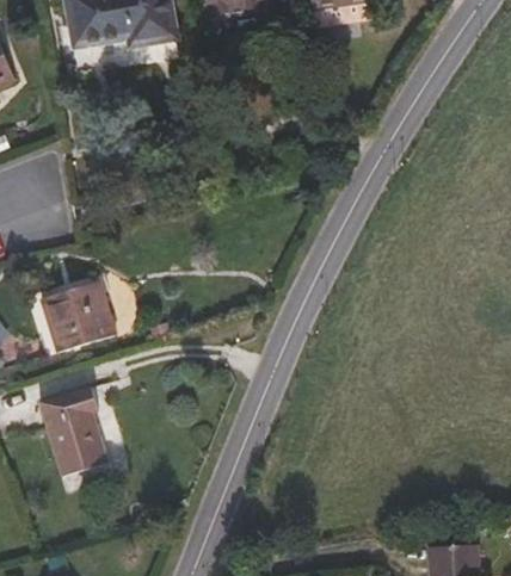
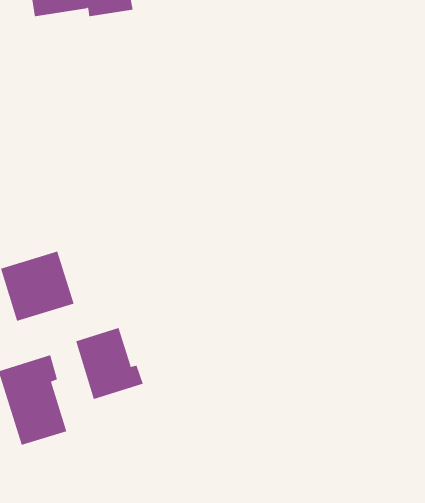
building: none -> [76,327,143,400]

